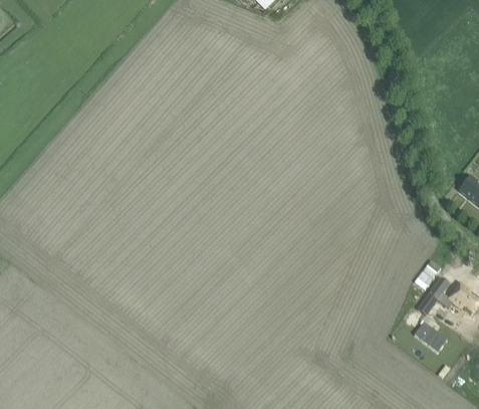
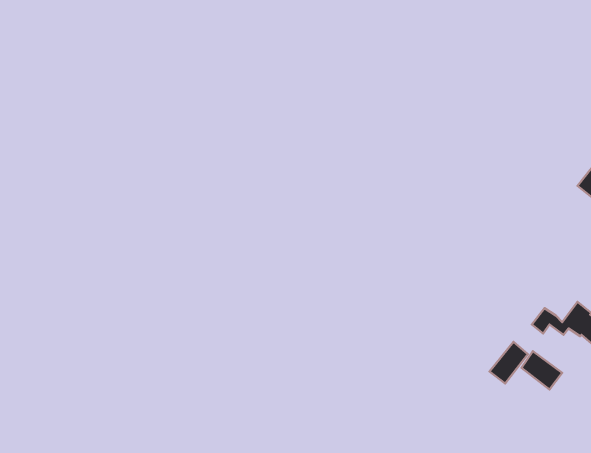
building: none -> [490,342,528,384]

